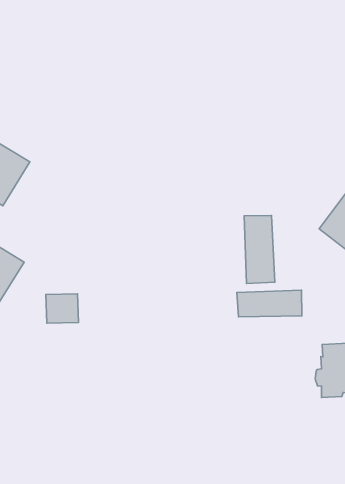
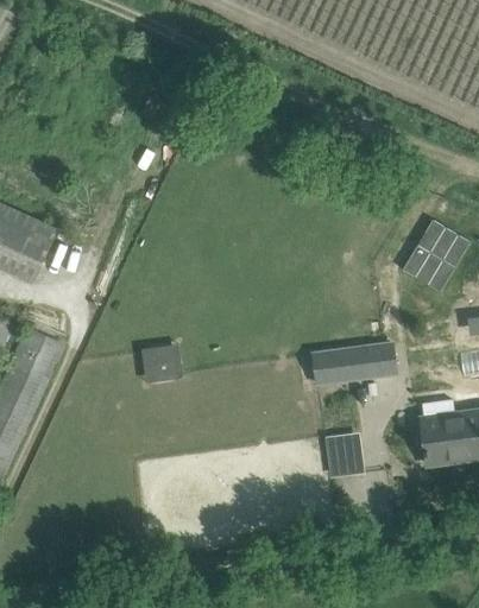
building: [244,216,275,284] -> none
building: [46,294,78,323] -> [141,344,183,382]
building: none -> [322,431,360,477]

